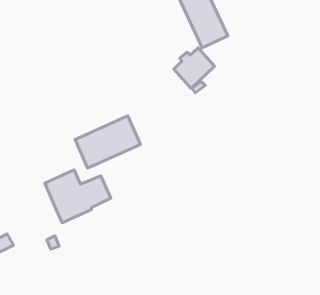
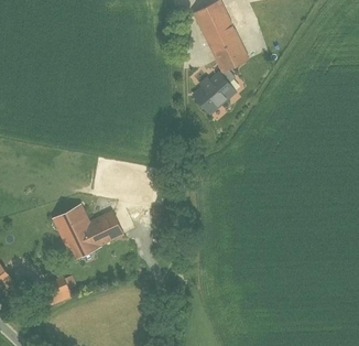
building: [75,116,140,168] -> none

